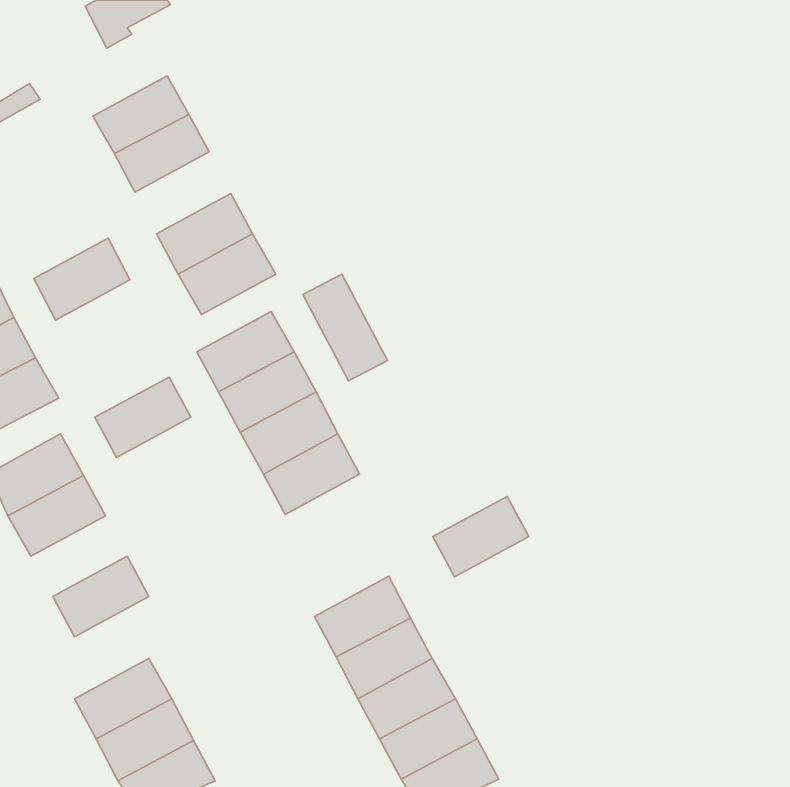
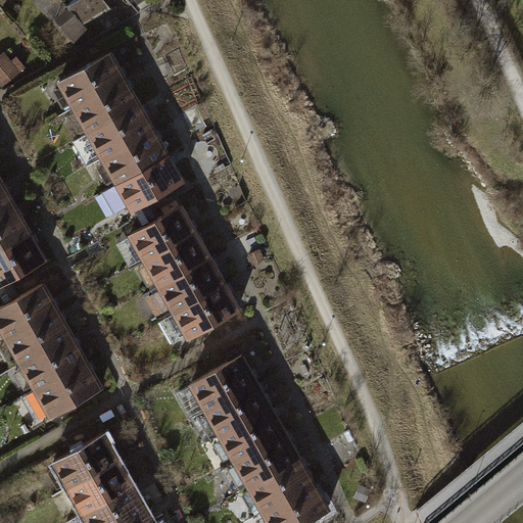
building: [34,238,130,320] -> [89,103,152,157]
building: [303,274,387,381] -> none
building: [95,377,191,458] -> [20,343,84,396]
building: [433,496,529,577] -> [193,356,256,410]

